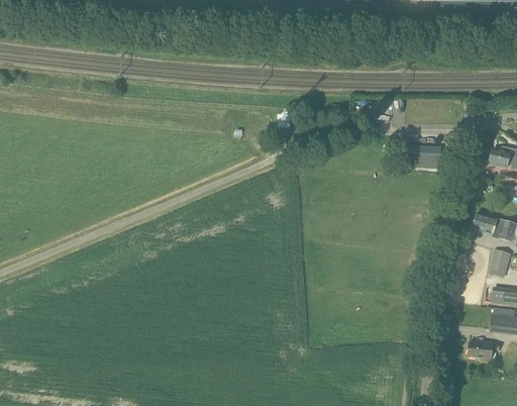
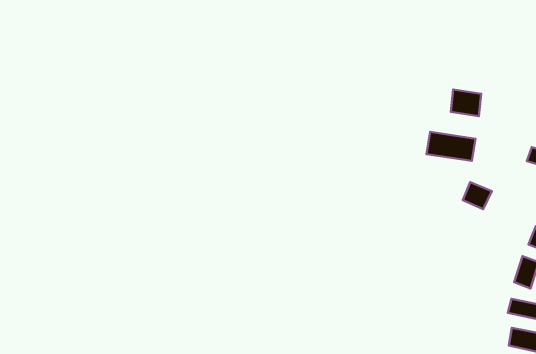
building: none -> [451,89,481,116]
building: [473,211,498,234] -> [463,182,492,209]

